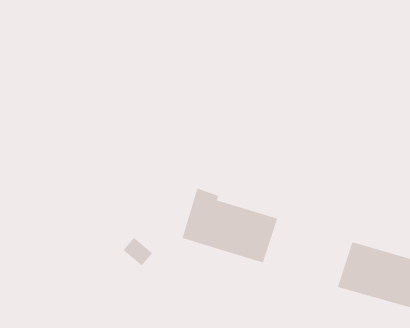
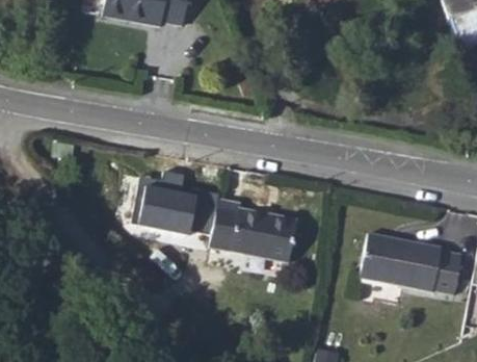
building: none -> [138,169,197,233]

